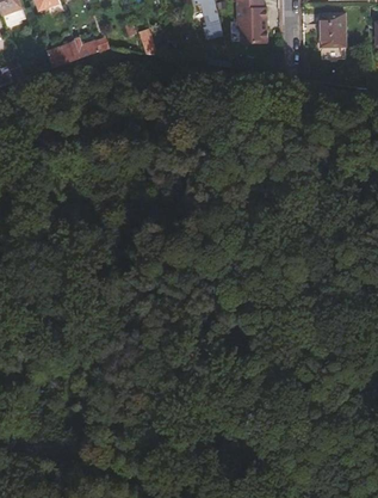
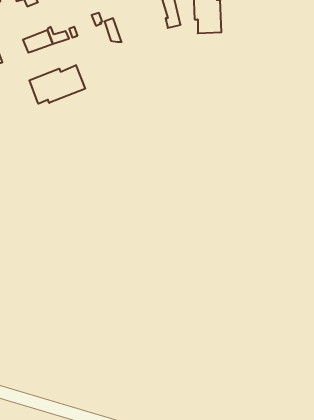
building: [320,13,345,47] -> none
building: none -> [29,65,85,104]

